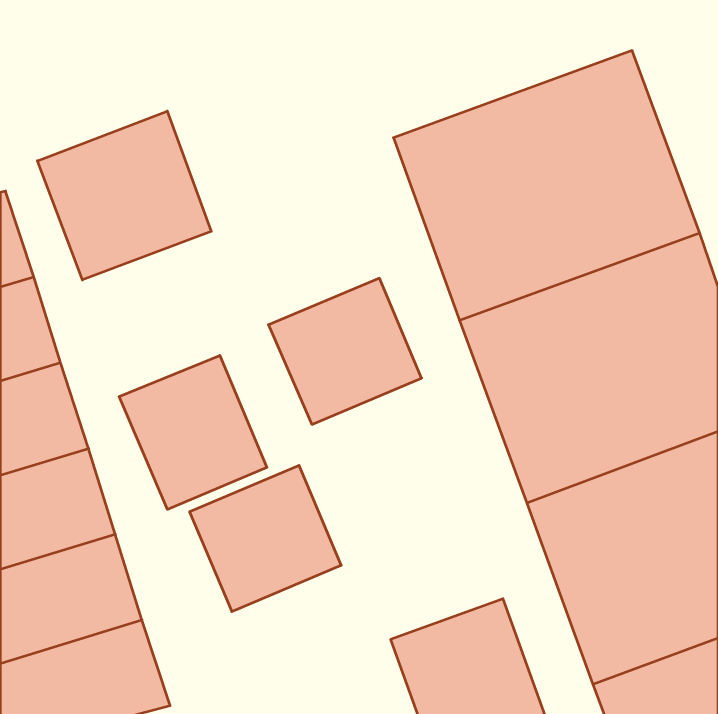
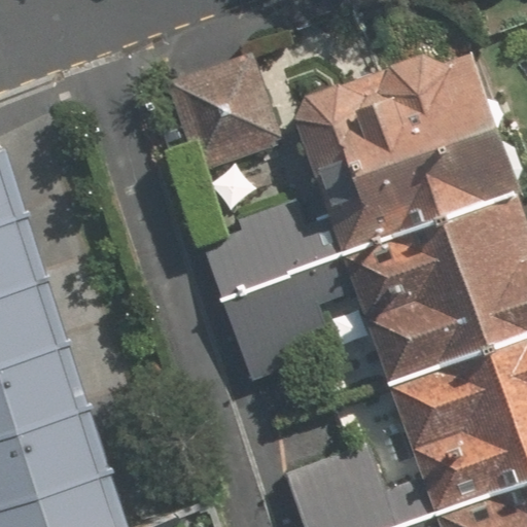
building: none -> [168,61,284,177]
building: [37,111,211,280] -> none
building: [119,355,267,509] -> none
building: [190,465,341,612] -> [229,280,340,387]

